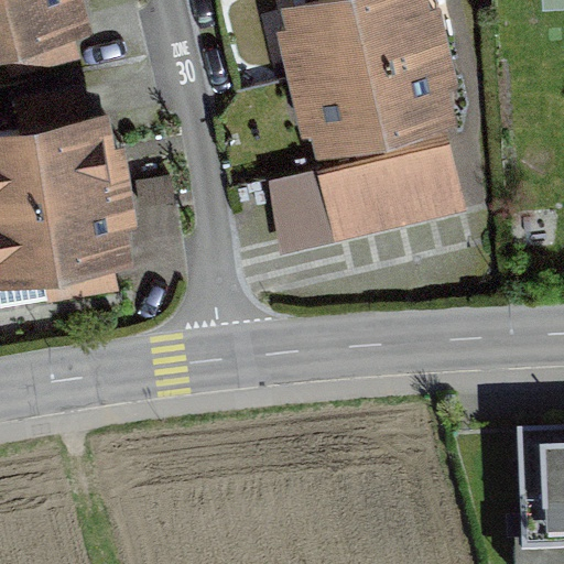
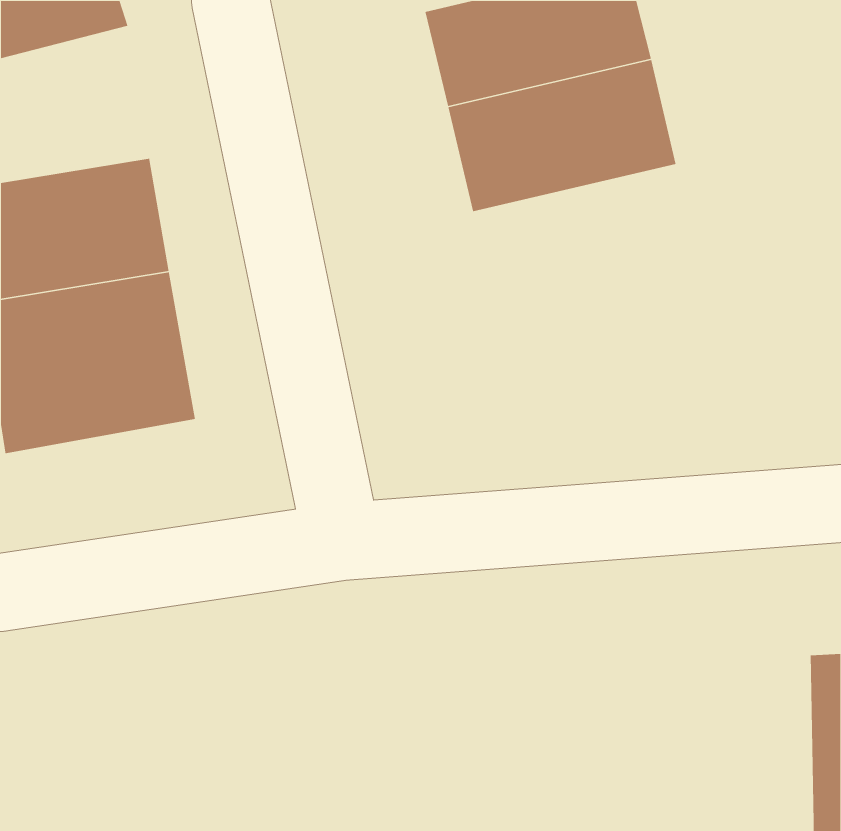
building: [276,141,462,245] -> none

